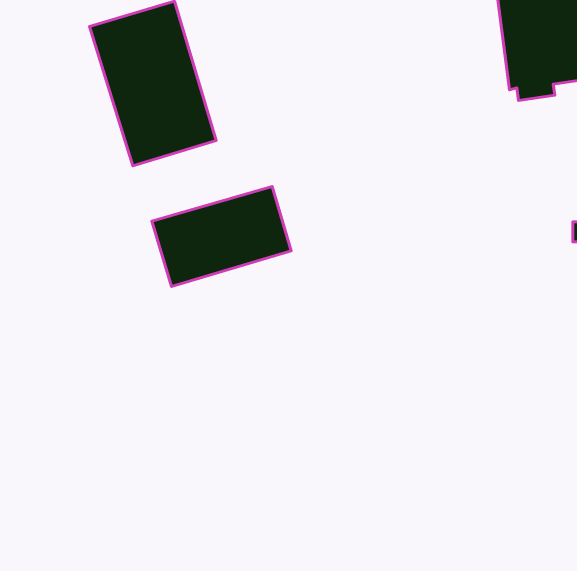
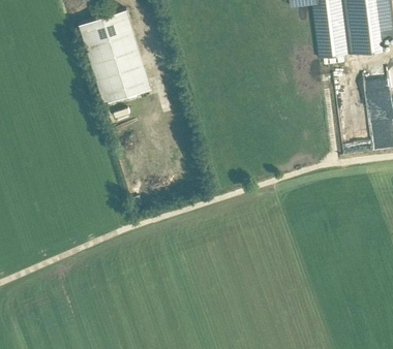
building: [152,187,291,286] -> none

